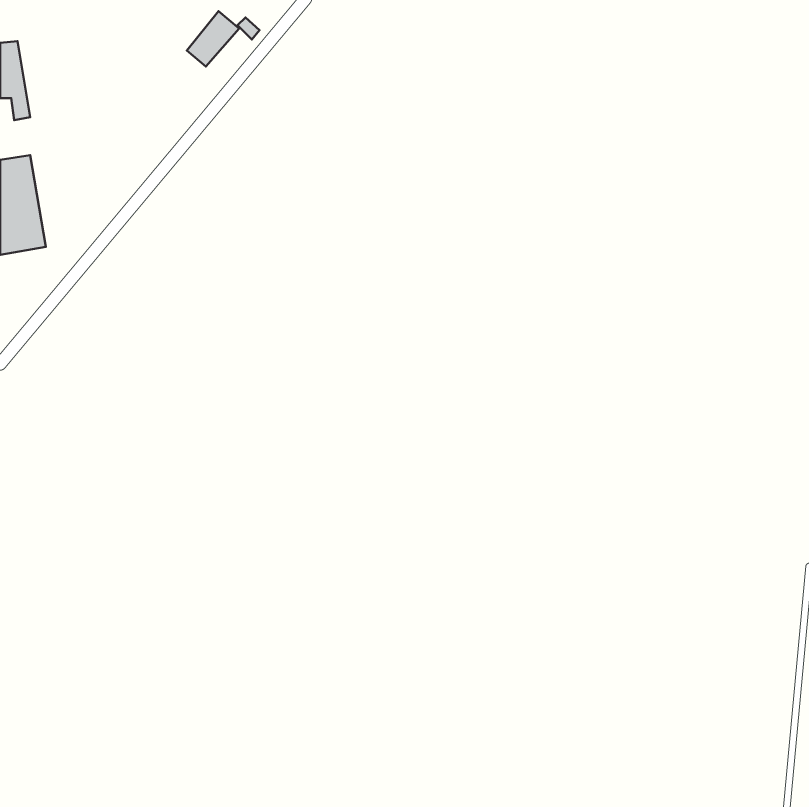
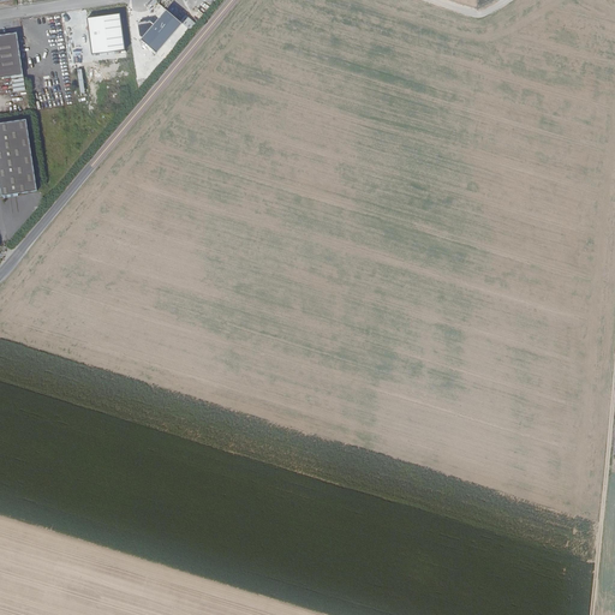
building: none -> [88,13,124,53]

